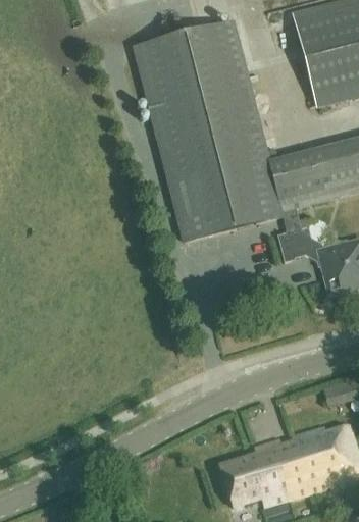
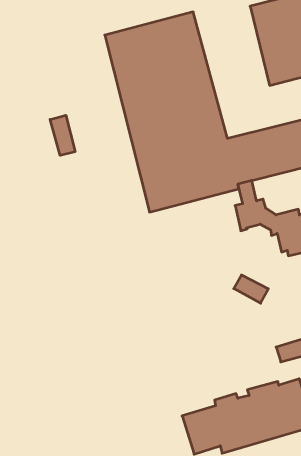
building: none -> [50,115,75,155]
building: none -> [234,275,268,303]

